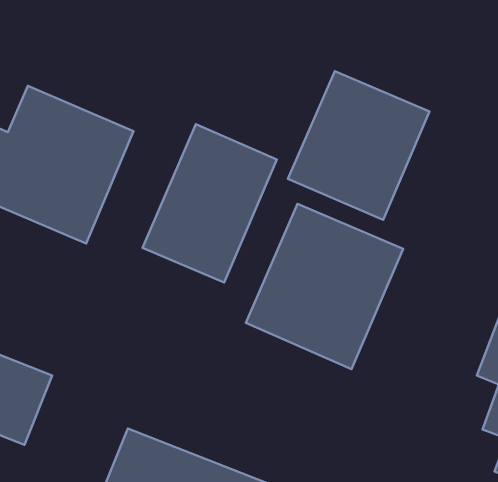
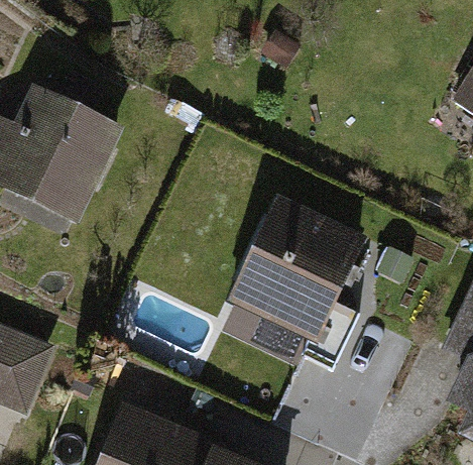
building: [288,71,429,220] -> none
building: [142,124,277,283] -> none

